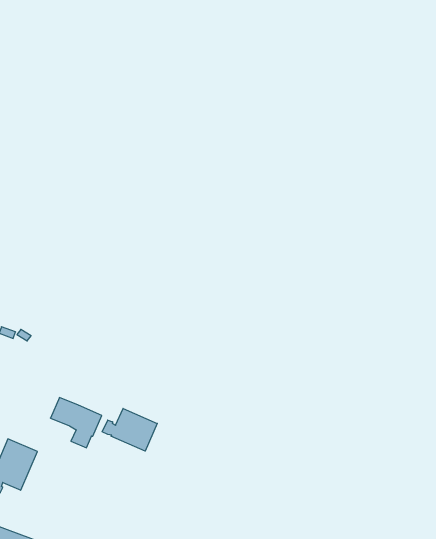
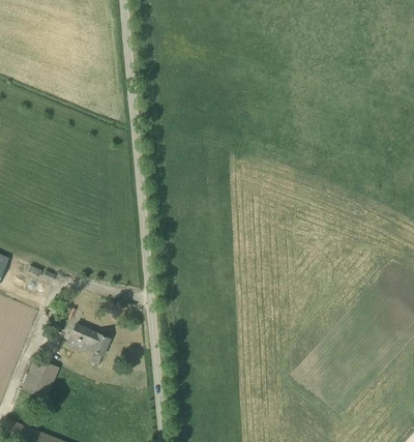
building: [102,408,157,451] -> none

